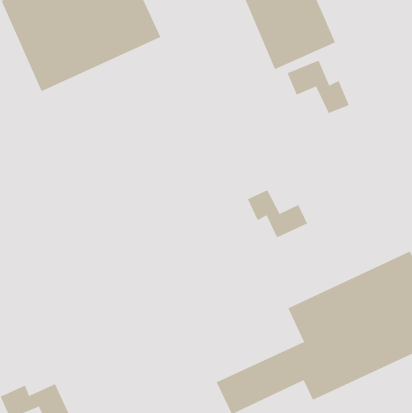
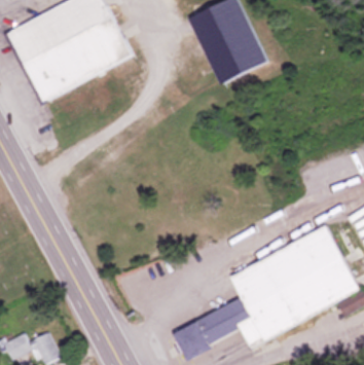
building: [287,60,350,114] -> none
building: [247,190,308,238] -> none

